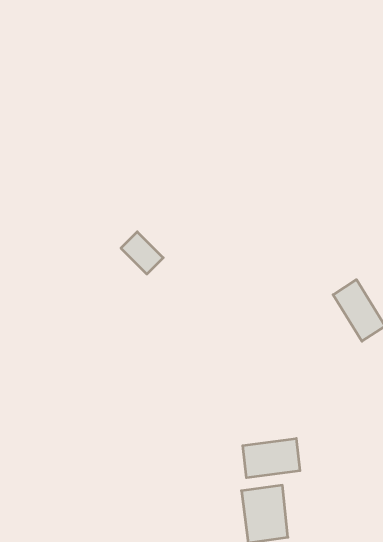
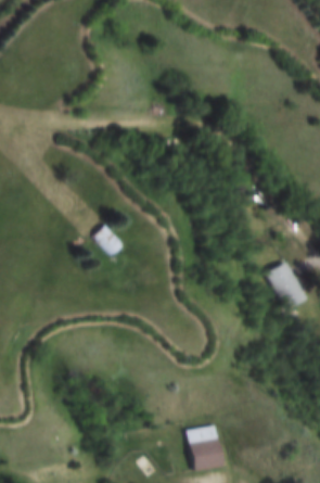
building: [243,438,300,478] -> none

